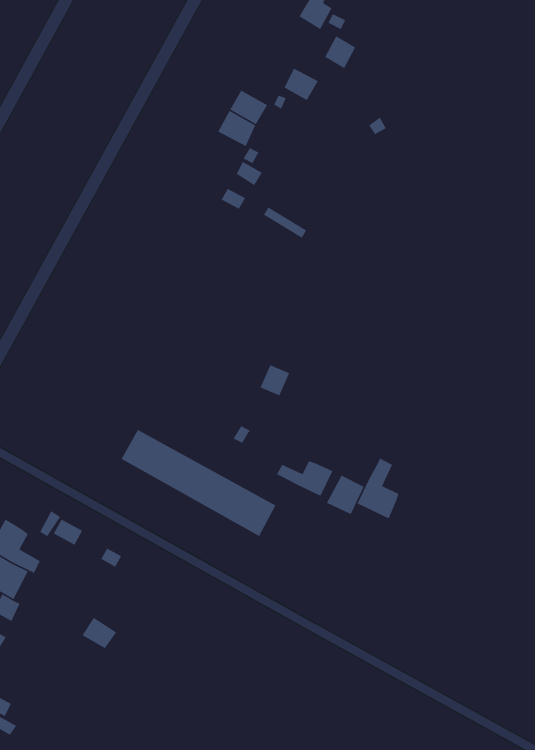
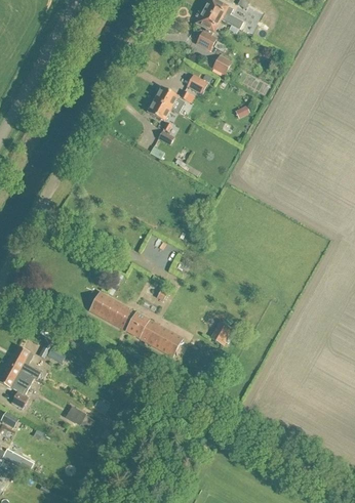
building: [357,457,400,520] -> none
building: [276,460,334,497] -> none

